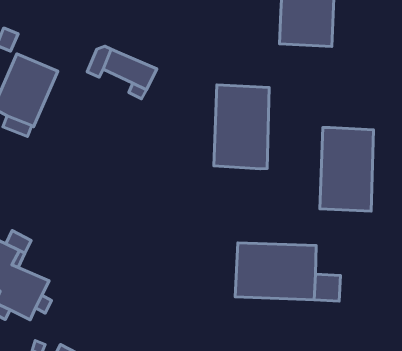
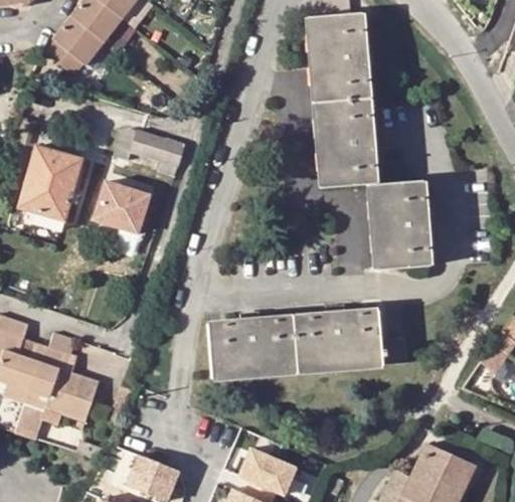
building: [214,85,269,169] -> [313,98,376,187]
building: none -> [88,175,152,234]
building: none -> [209,316,299,379]

